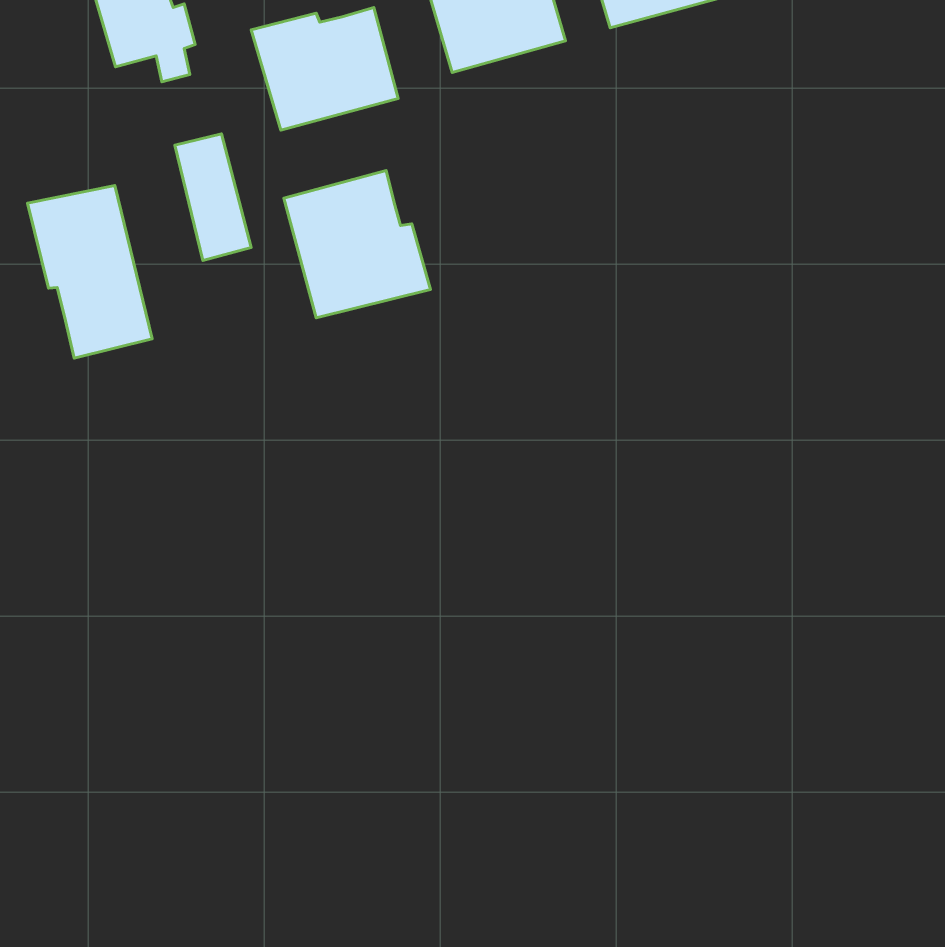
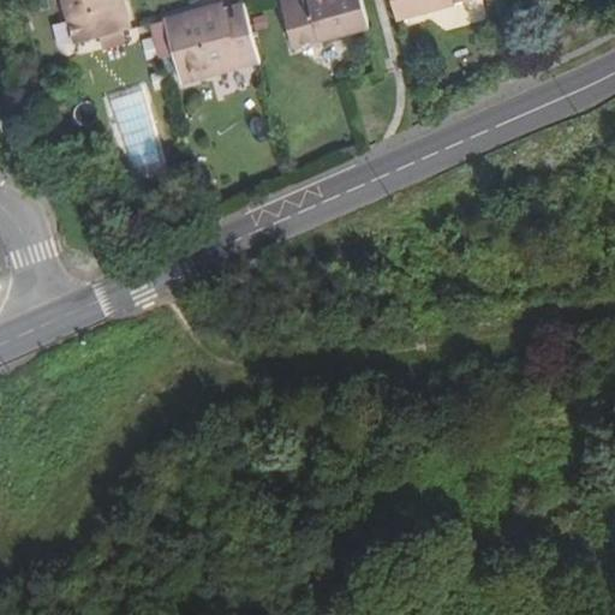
building: [284,170,430,318] -> none
building: [27,186,152,358] -> none

